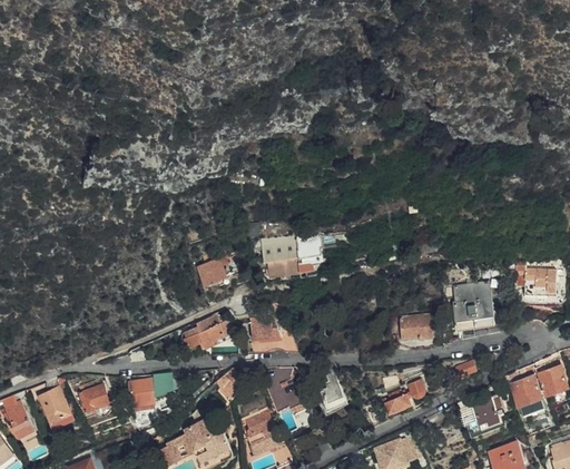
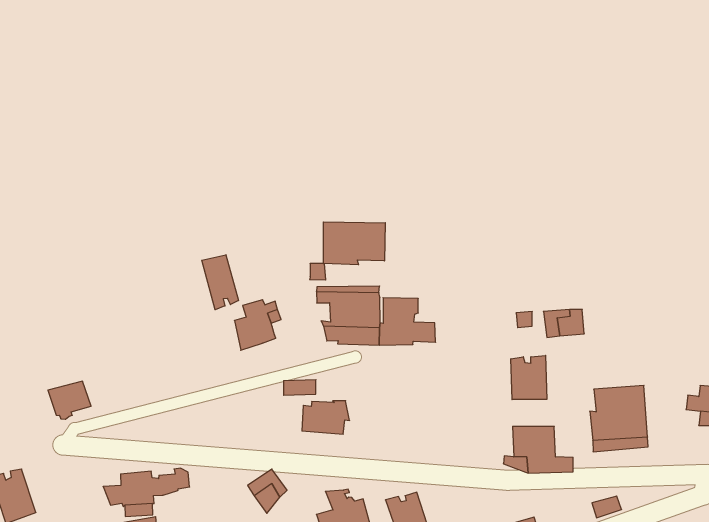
building: none -> [323,222,385,265]
building: none -> [202,255,238,310]
building: none -> [511,355,547,400]
building: [178,314,220,345] -> none
building: [78,384,109,412] -> [48,381,91,419]

